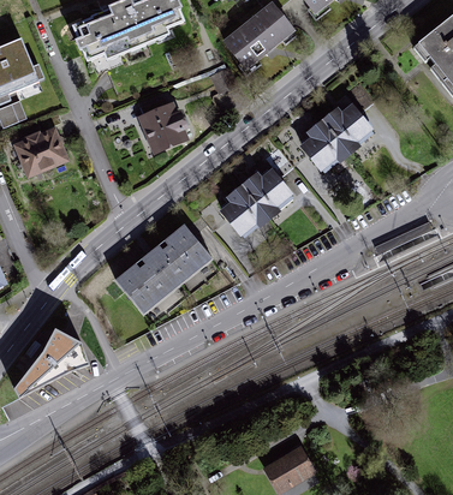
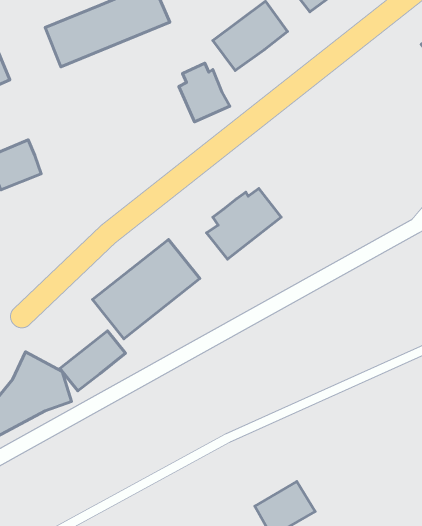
building: [139,96,186,150] -> [179,63,230,122]
building: [303,111,371,175] -> none
building: none -> [60,331,125,391]

